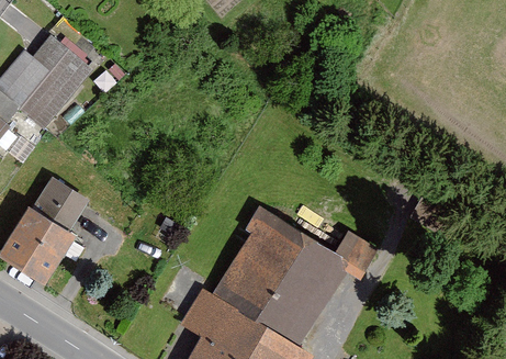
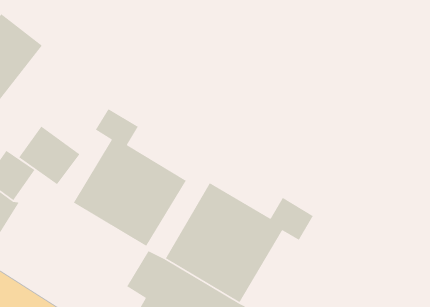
building: none -> [73,108,187,247]
building: none -> [18,126,81,185]

